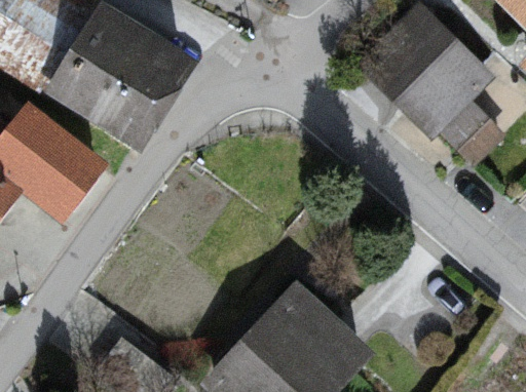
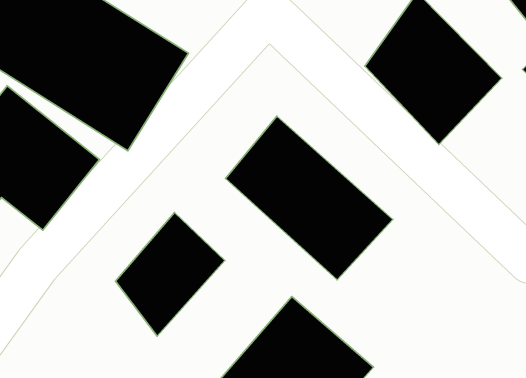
building: none -> [226,116,393,280]
building: none -> [116,212,225,336]

